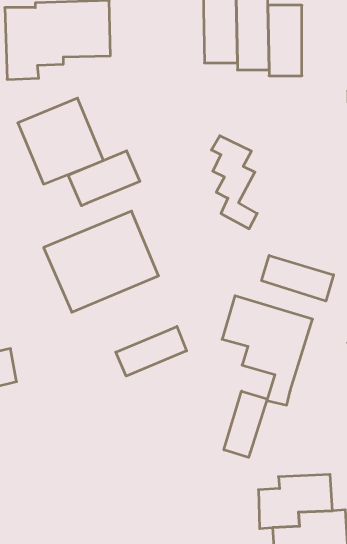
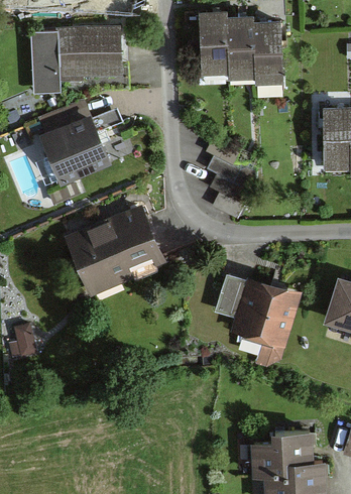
building: [68,151,140,206] -> none
building: [262,255,334,301] -> none
building: [116,326,187,376] -> none
building: [224,391,267,457] -> none

